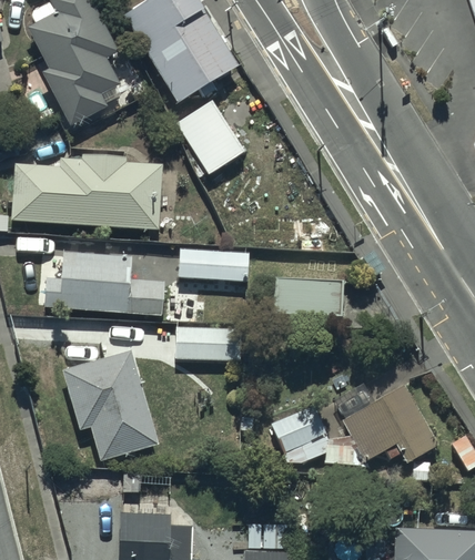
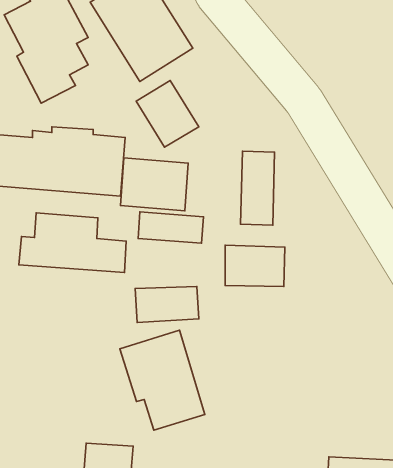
building: none -> [241,151,275,225]
building: none -> [120,158,188,211]
building: [64,347,161,460] -> [120,330,205,430]
building: [274,387,439,465] -> none

